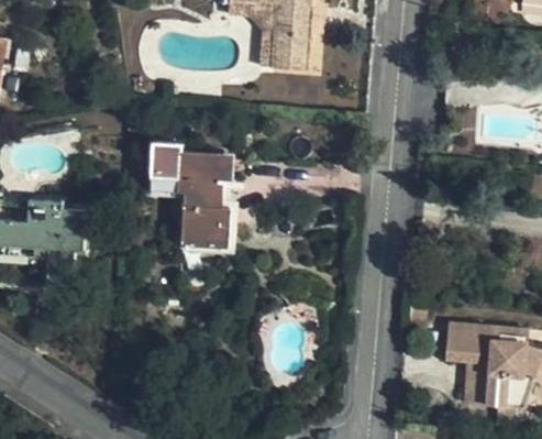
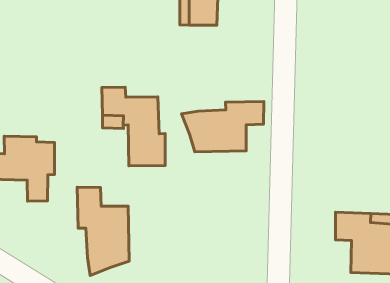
building: none -> [182,101,264,152]
building: none -> [77,187,129,275]

